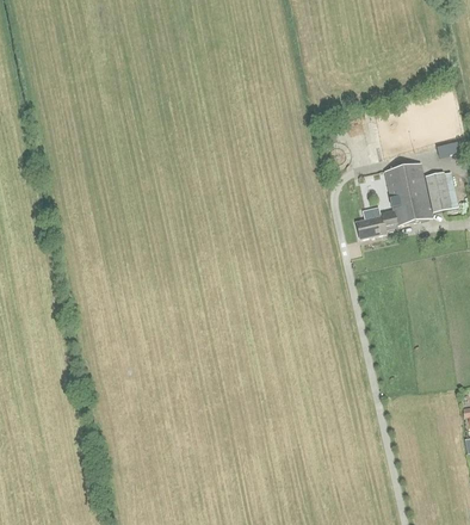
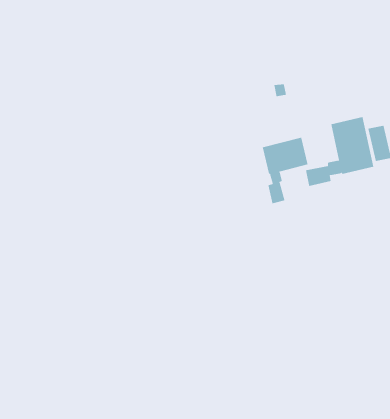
building: none -> [262,137,308,204]

